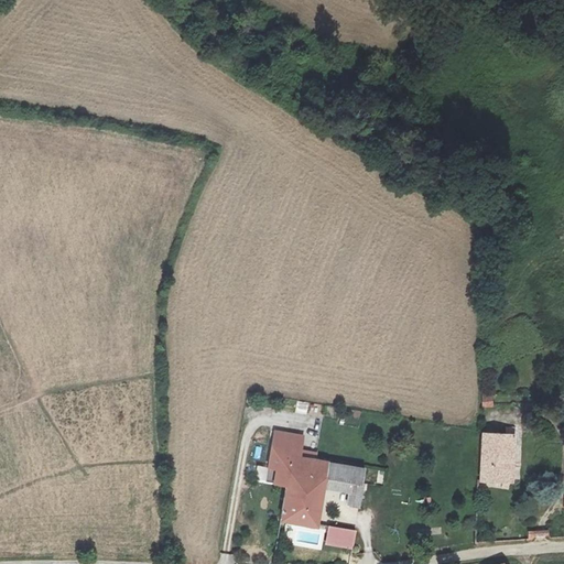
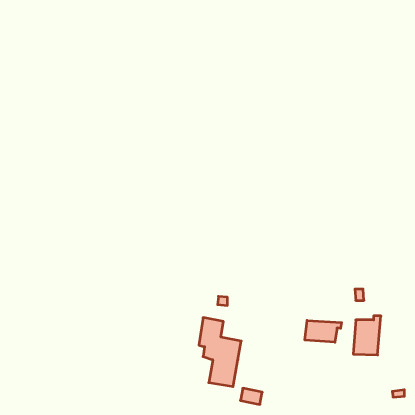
building: none -> [305,320,342,342]
building: [323,463,365,508] -> none

